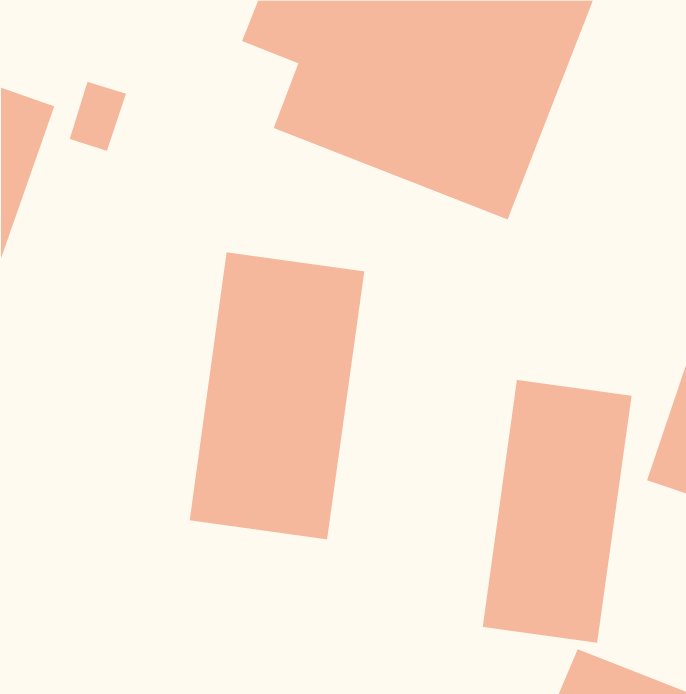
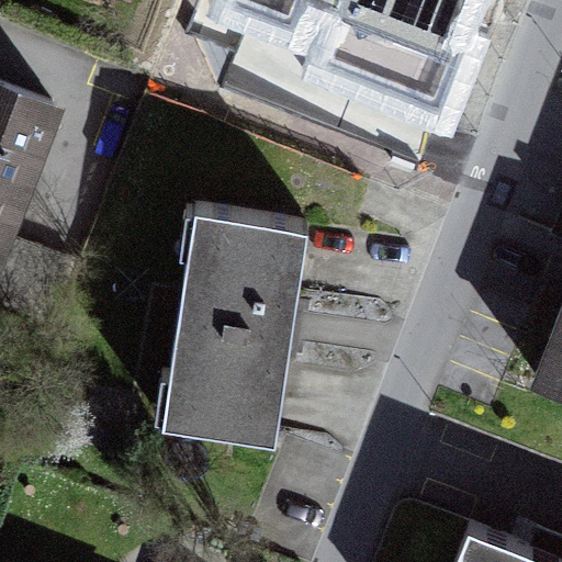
building: [482,379,632,644] -> none

